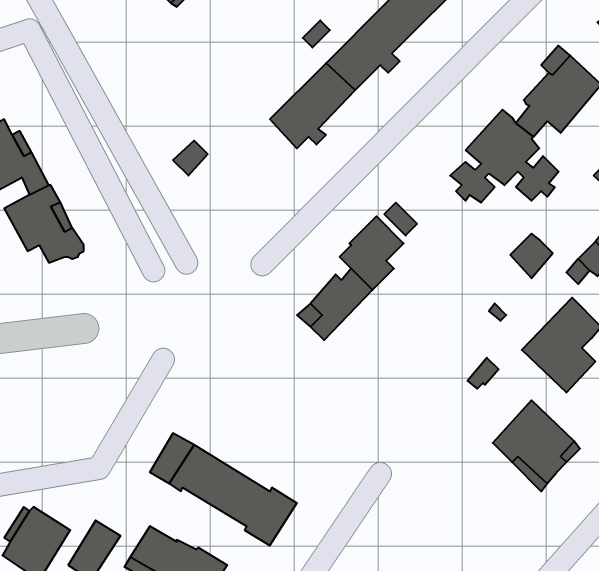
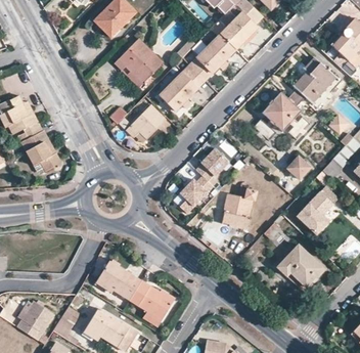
building: none -> [119,39,162,82]
building: none -> [127,105,165,139]
building: none -> [222,184,256,229]

